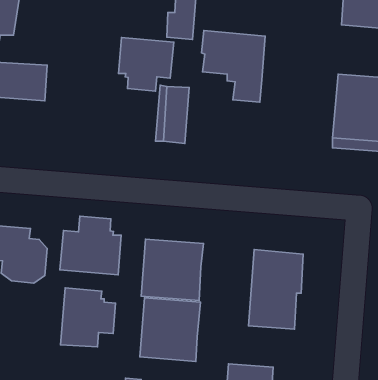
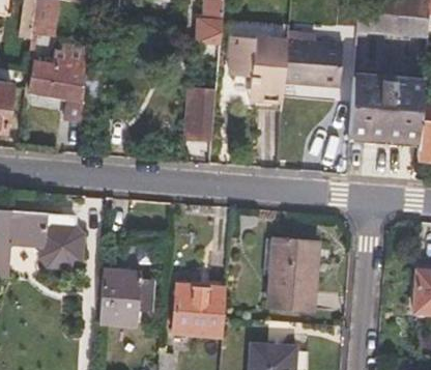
building: none -> [284,35,342,83]
building: [118,37,174,91] -> none
building: [60,216,121,275] -> none
building: [141,239,204,300] -> none

